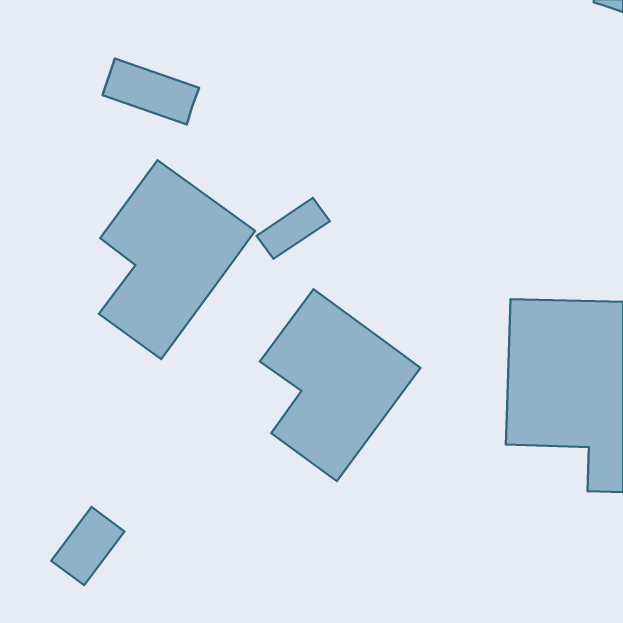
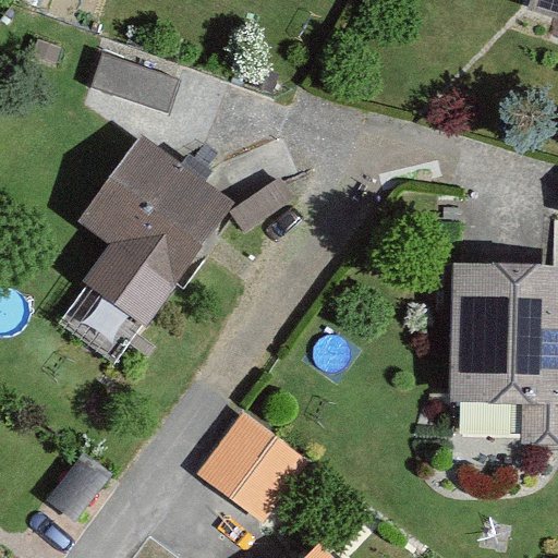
building: [260,289,421,481] -> none
building: none -> [201,417,304,521]

